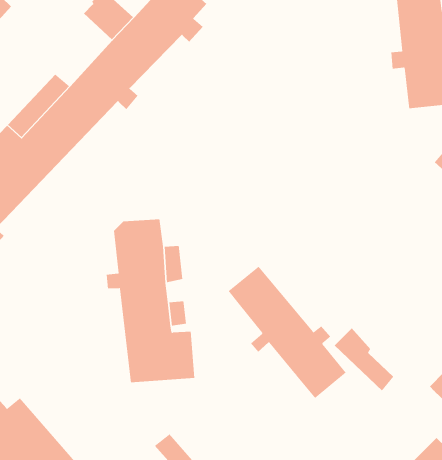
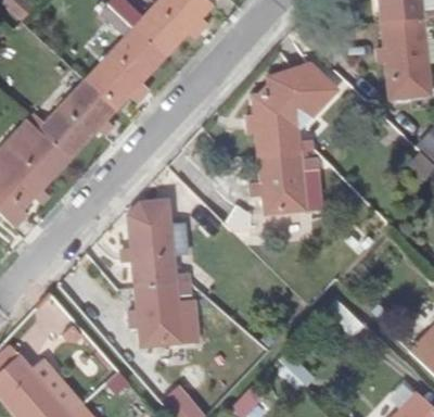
building: none -> [245,61,337,214]
building: [228,266,346,399] -> none

